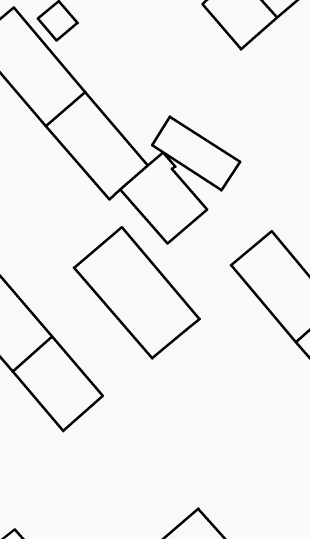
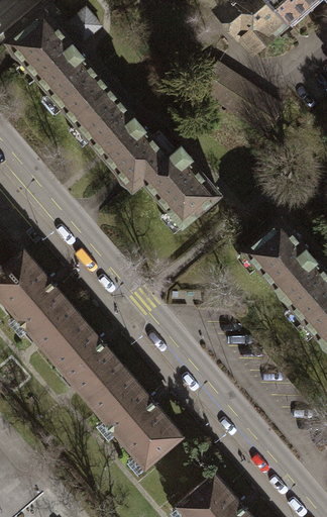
building: [152,117,240,190] -> [201,64,282,131]
building: [74,227,200,358] -> none
building: none -> [90,370,183,468]

